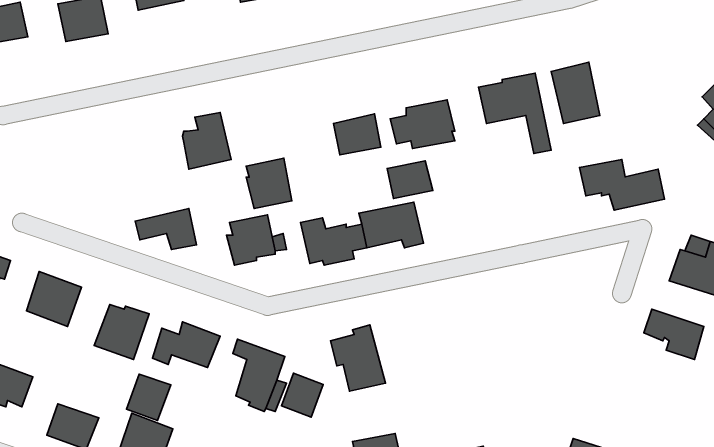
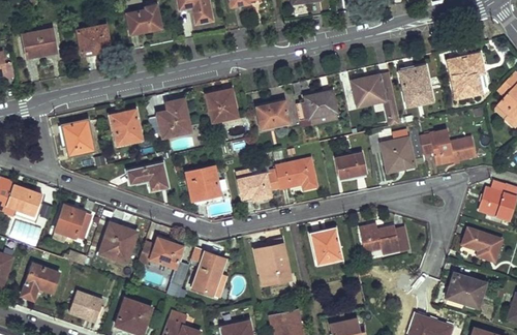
building: none -> [448,55,488,99]
building: none -> [111,113,142,146]
building: none -> [62,120,94,156]
building: [246,158,292,209] -> [207,89,237,122]
building: [387,161,433,198] -> [336,154,366,179]
building: none -> [382,139,415,171]
building: none -> [360,225,407,255]
building: none -> [311,232,341,266]
building: [282,373,323,417] -> none
building: [127,374,171,421] -> none
building: none -> [445,274,485,309]

